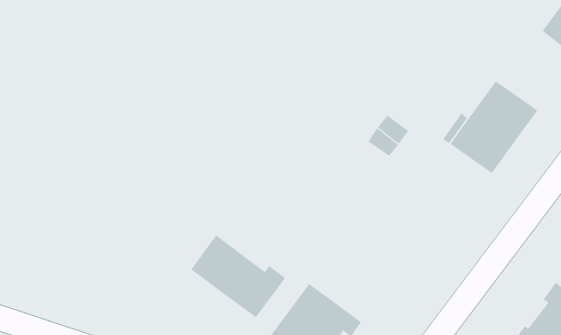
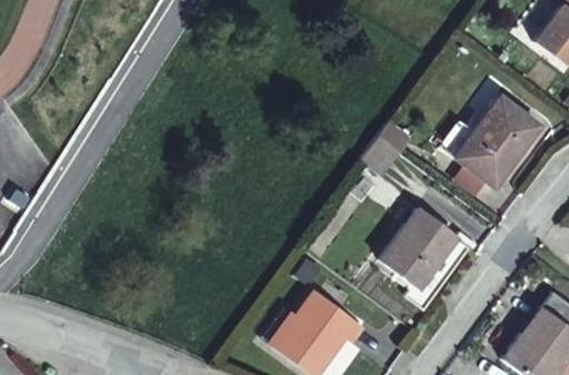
building: none -> [379,207,453,286]
building: [190,234,286,318] -> none

